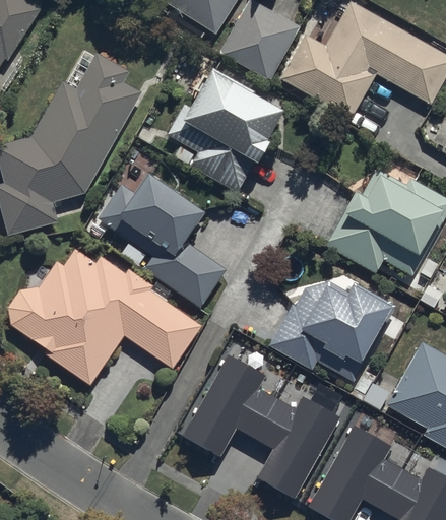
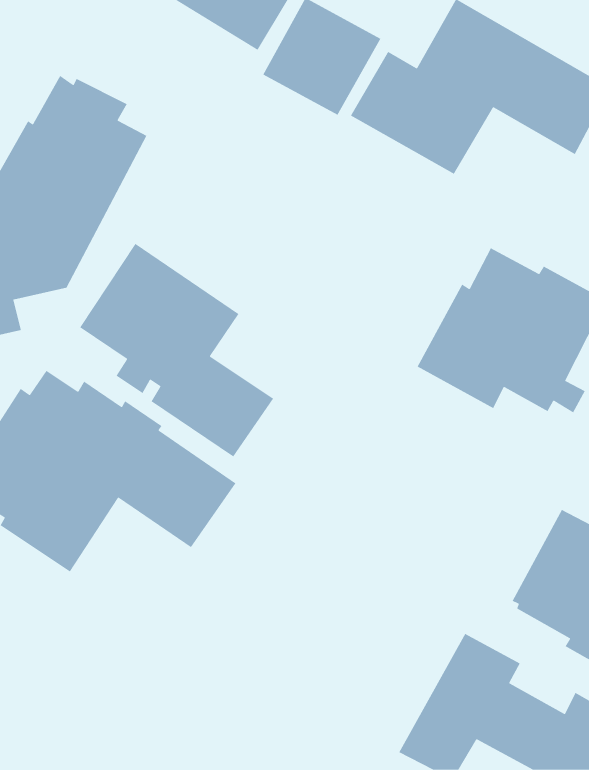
building: [166,68,283,194] -> none
building: [270,281,390,382] -> none
building: [184,354,340,496] -> none

